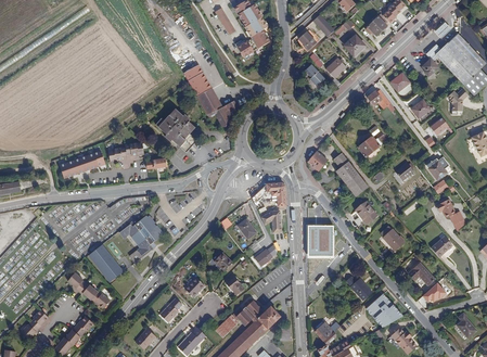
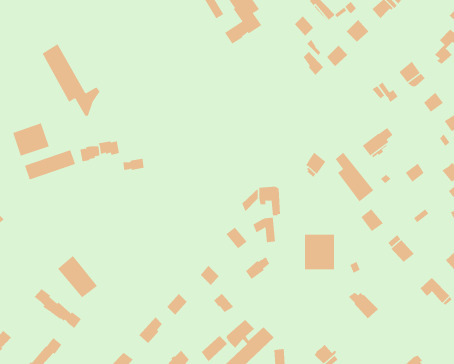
building: [184,62,236,126] -> [42,44,101,116]
building: [156,107,195,145] -> none
building: none -> [12,123,50,157]
building: [118,215,162,256] -> none
building: [367,293,403,327] -> none

